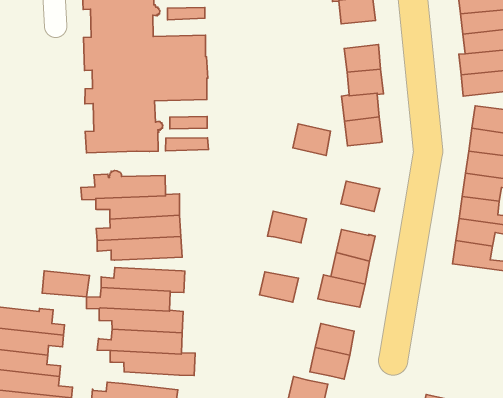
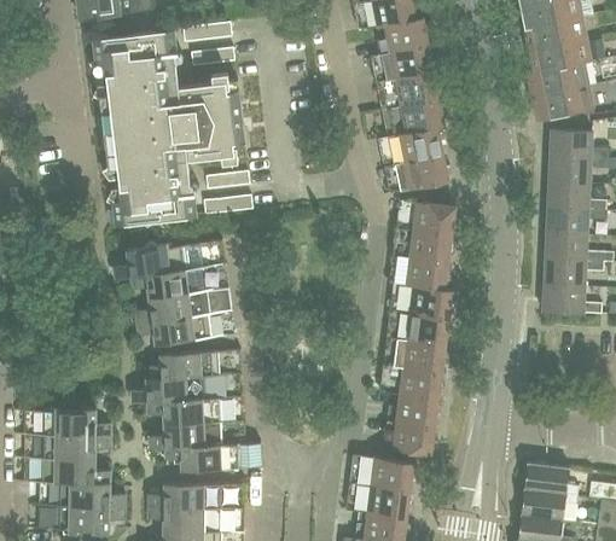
building: none -> [389,46,434,81]
building: [293,124,331,155] -> [412,203,453,235]
building: [268,211,307,243] -> [405,257,447,290]
building: [42,271,90,297] -> none
building: [260,272,299,302] -> [399,368,441,400]

